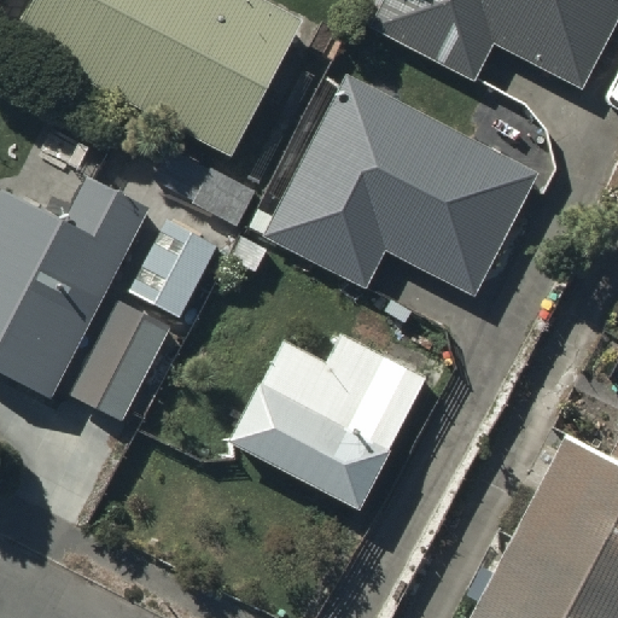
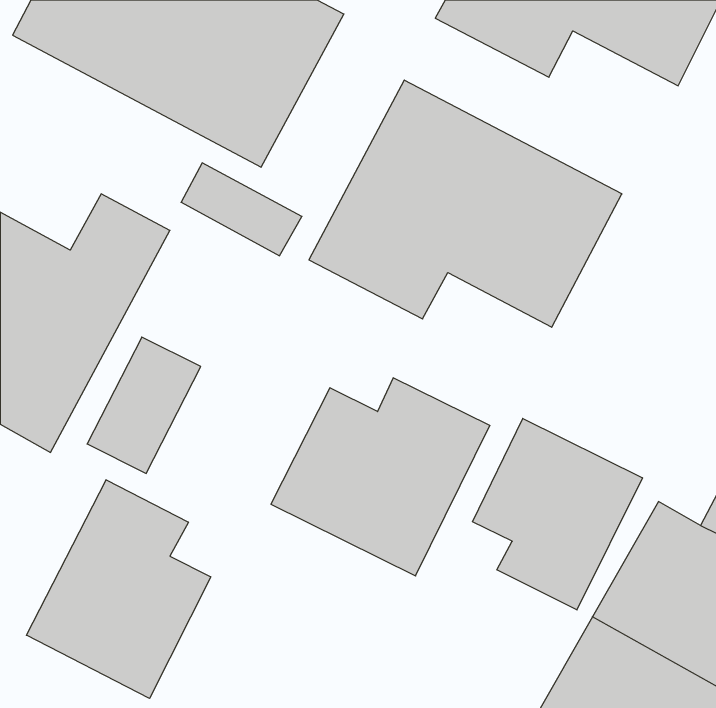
building: none -> [473,418,642,610]
building: none -> [26,480,211,698]

